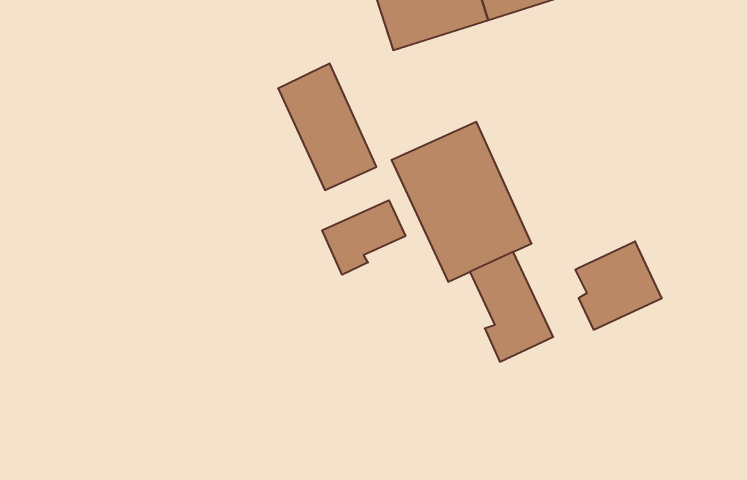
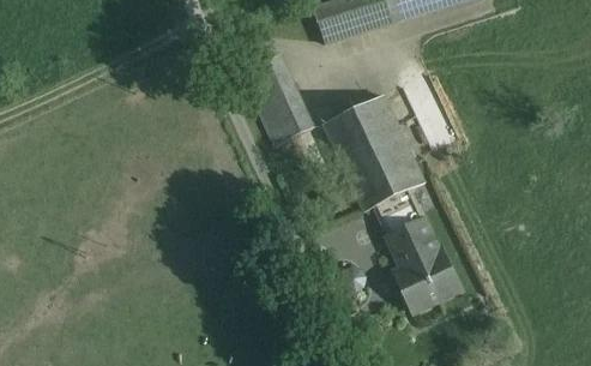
building: [322,200,405,275] -> none
building: [575,241,662,330] -> [399,250,462,313]

